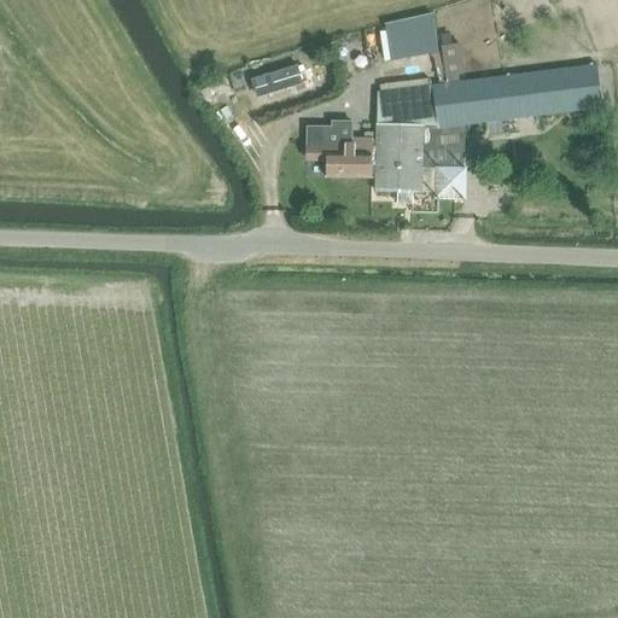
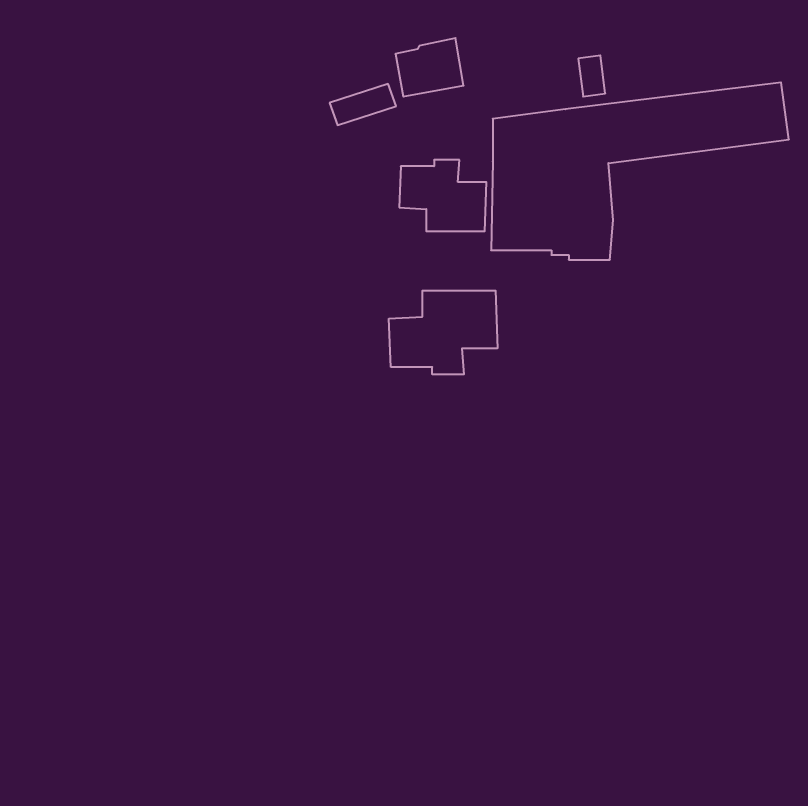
building: [384,12,436,57] -> [395,38,464,97]
building: none -> [389,291,497,374]

